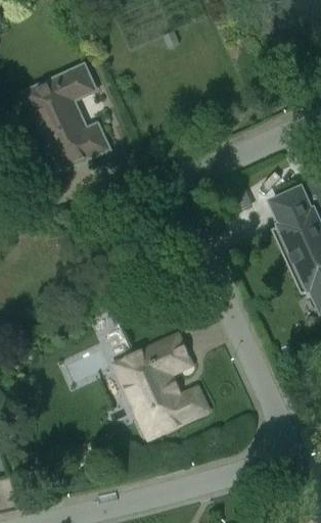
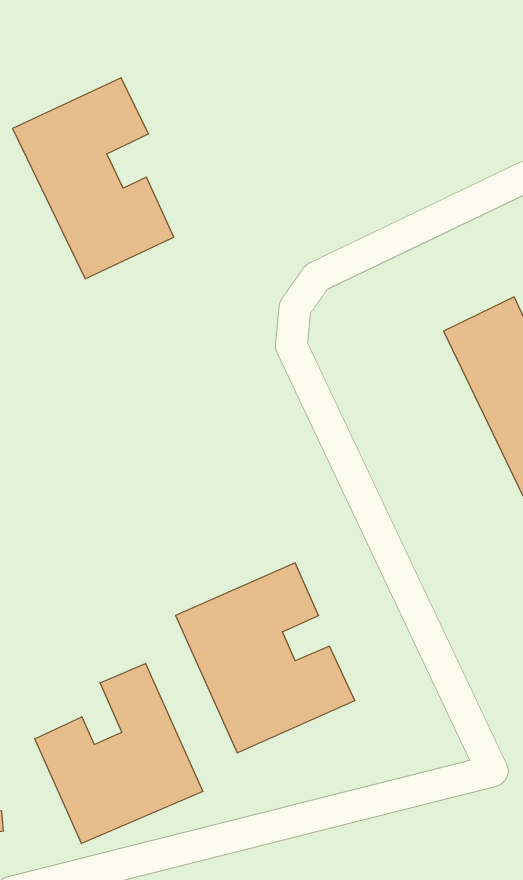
building: none -> [35,663,203,844]

